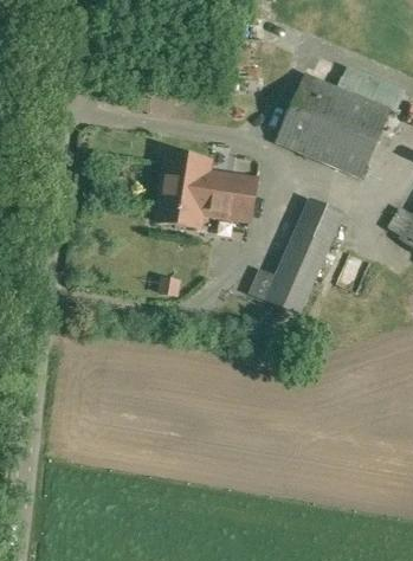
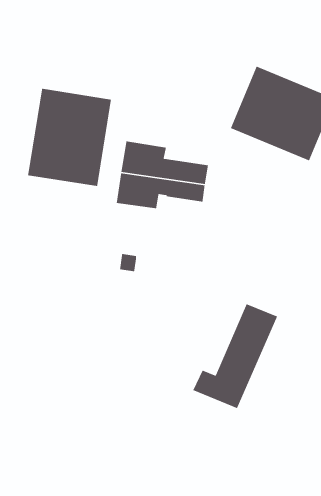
building: none -> [27,88,112,187]
building: [250,199,342,312] -> [192,303,278,409]

